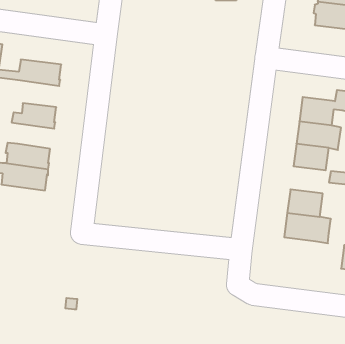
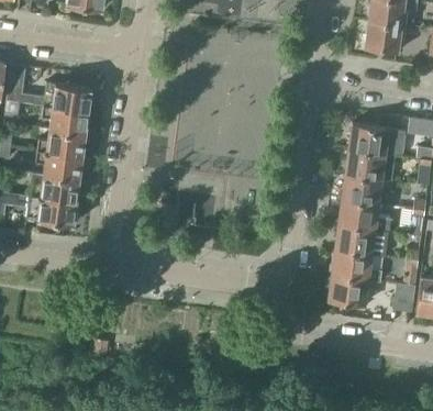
building: none -> [43,105,89,135]
building: none -> [36,152,84,180]
building: none -> [340,199,390,231]
building: none -> [329,276,367,306]

